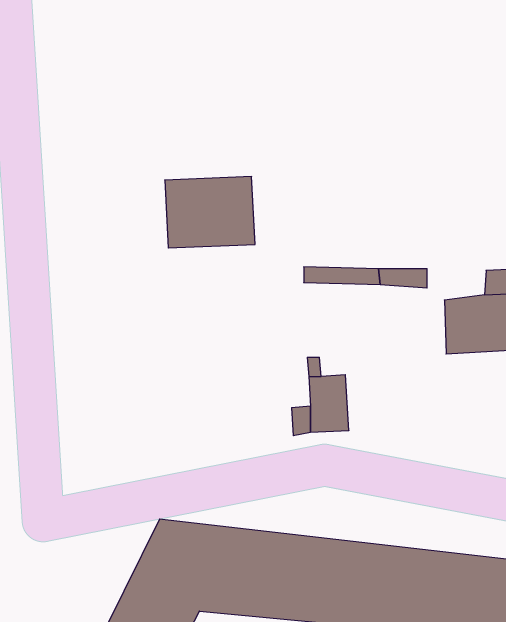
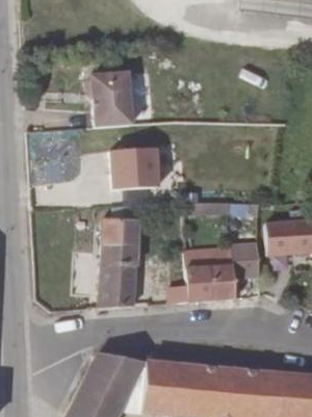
building: none -> [86,72,131,126]
building: none -> [103,218,140,308]
building: none -> [212,244,264,299]

